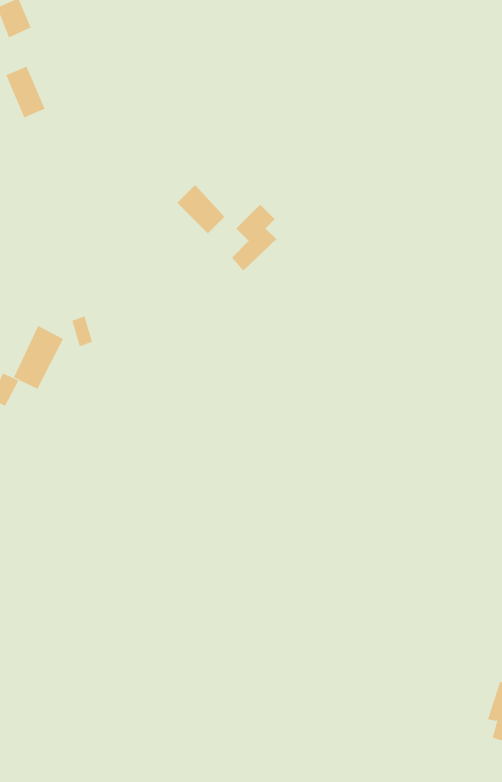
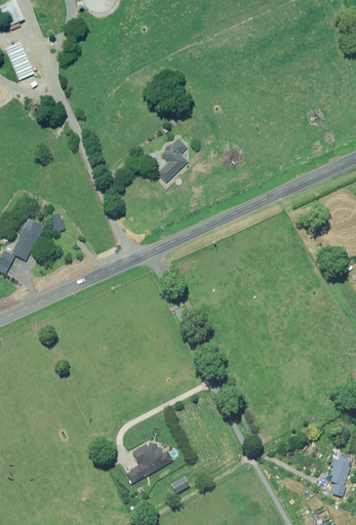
building: [177,184,225,234] -> none
building: none -> [126,443,172,483]

